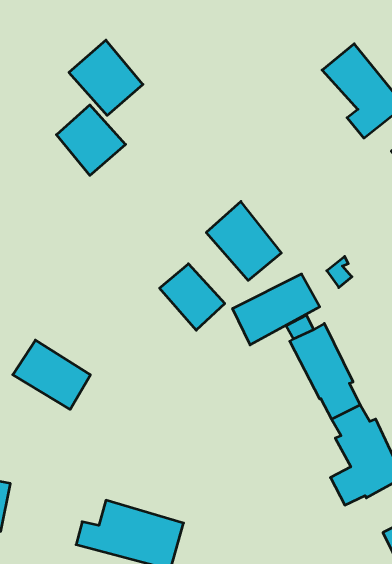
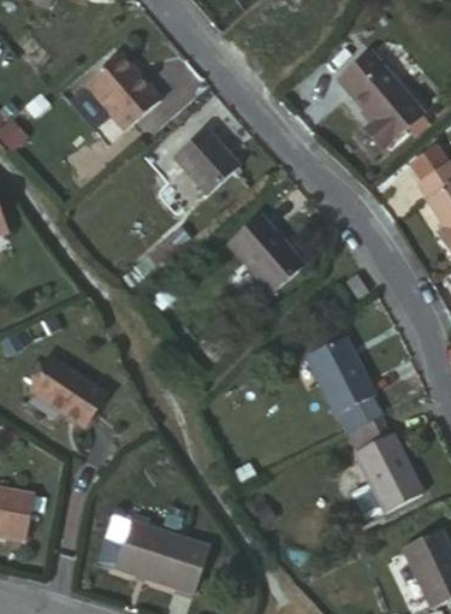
building: [56,105,126,175] -> [168,128,238,199]
building: [160,264,225,330] -> none
building: [233,274,320,345] -> none

